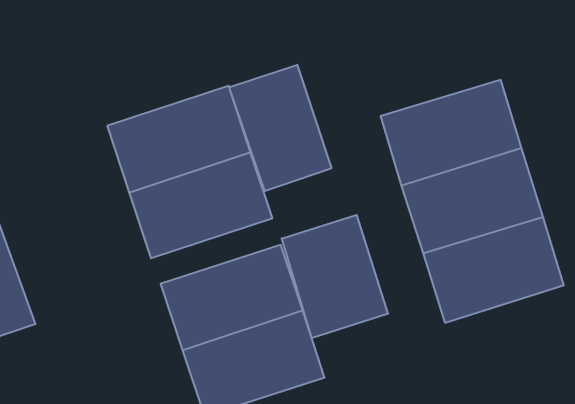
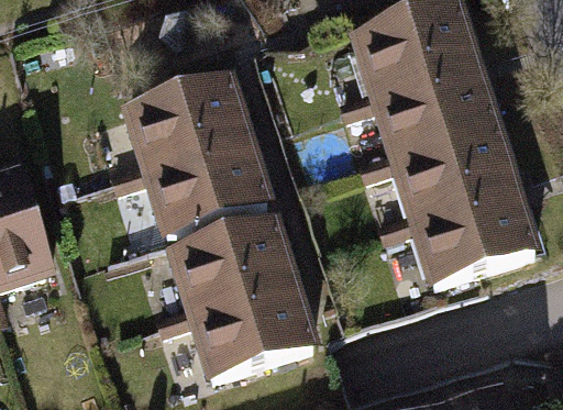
building: none -> [353,23,482,119]
building: [229,65,331,191] -> none
building: [282,215,388,338] -> none

